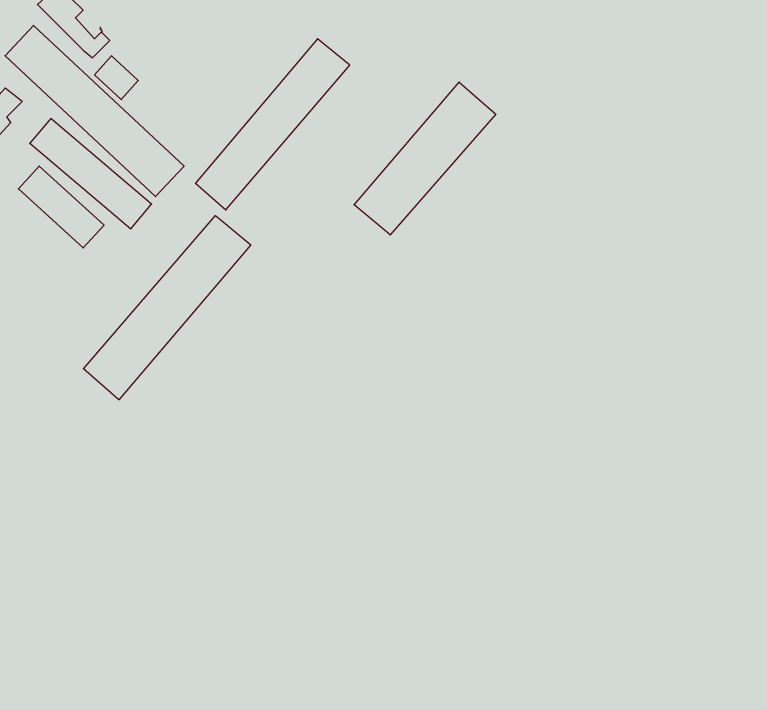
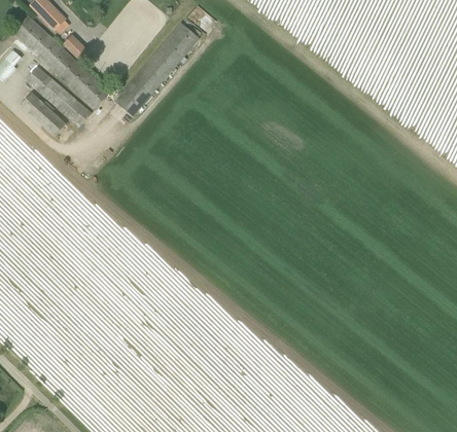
building: [354,82,496,235] -> none
building: [83,216,251,400] -> none

